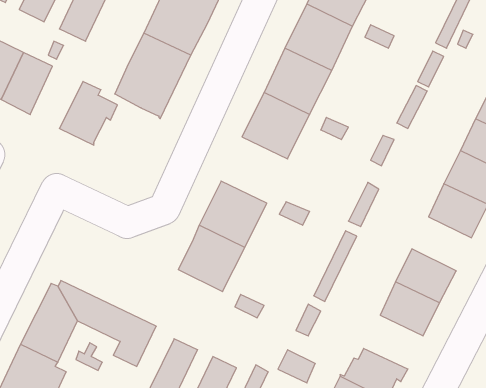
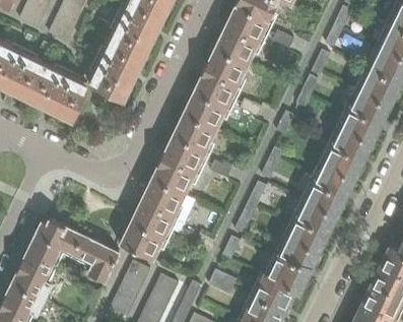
building: none -> [26,63,65,109]
building: none -> [166,115,215,164]
building: none -> [307,174,350,213]
building: none -> [119,212,167,261]
building: none -> [271,246,315,285]

